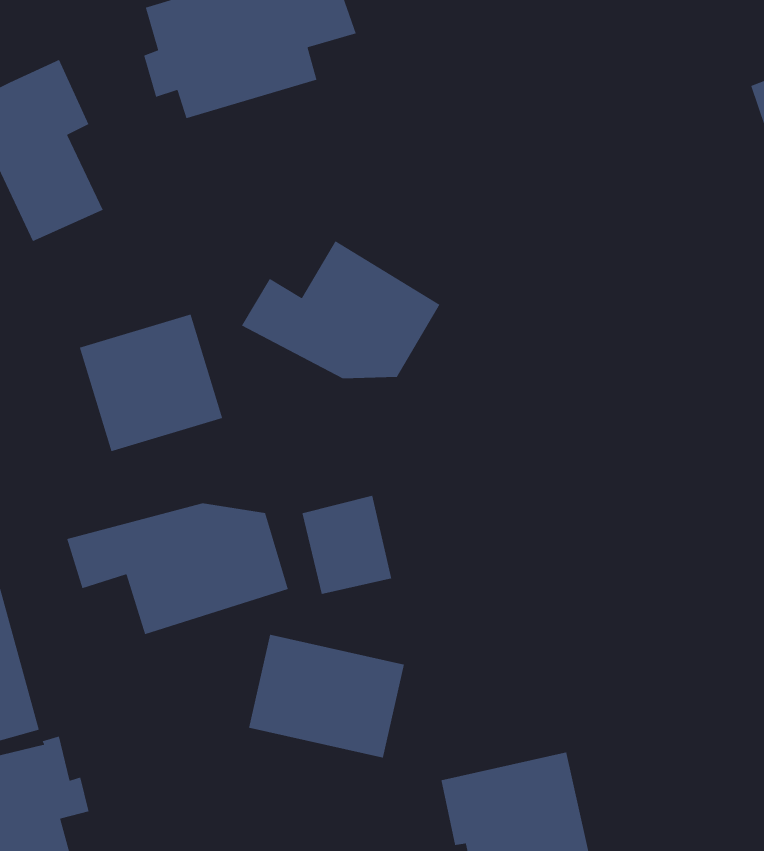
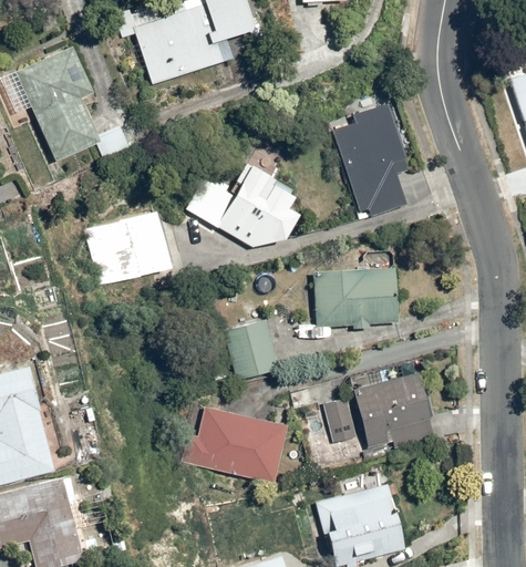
building: none -> [328,105,410,221]
building: none -> [312,268,399,328]
building: [66,502,289,635] -> none
building: none -> [322,374,433,451]

